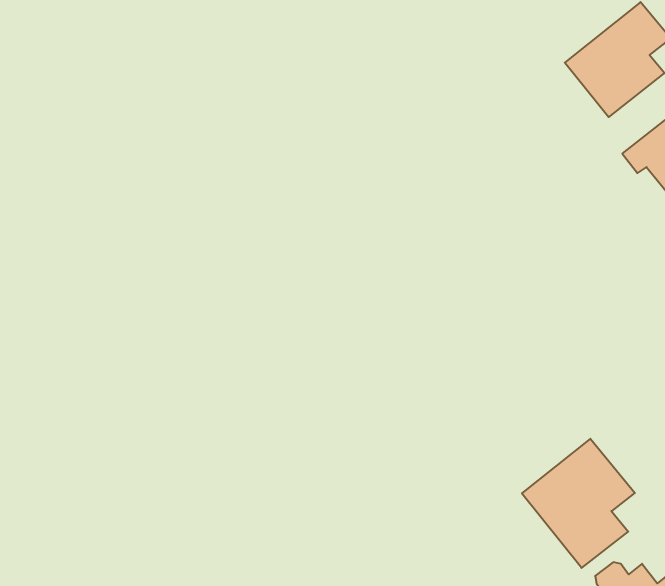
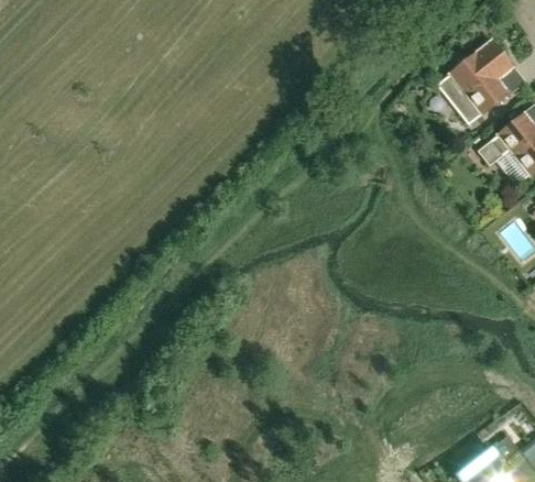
building: [522,439,635,568] -> none

